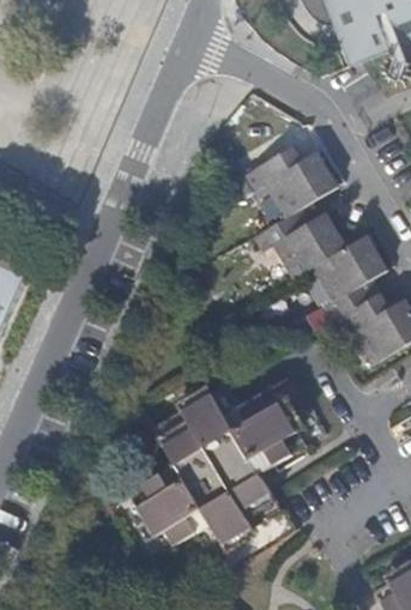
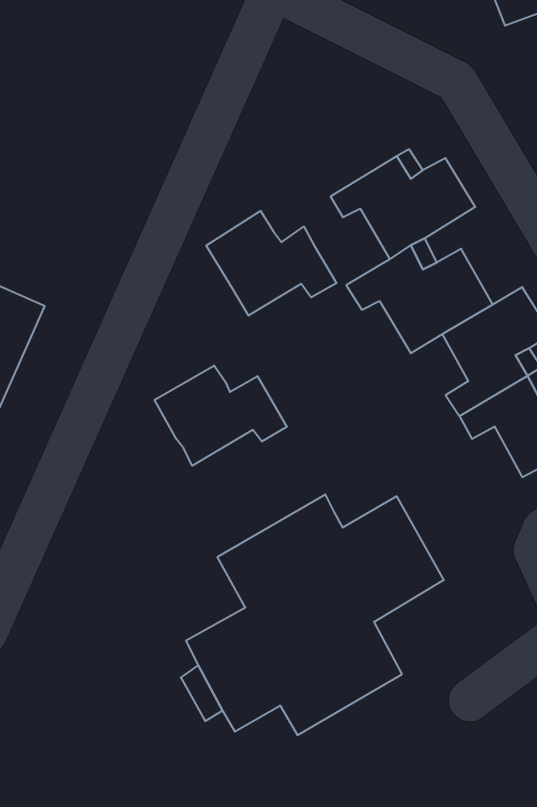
building: none -> [206,211,337,316]
building: none -> [155,365,287,466]

